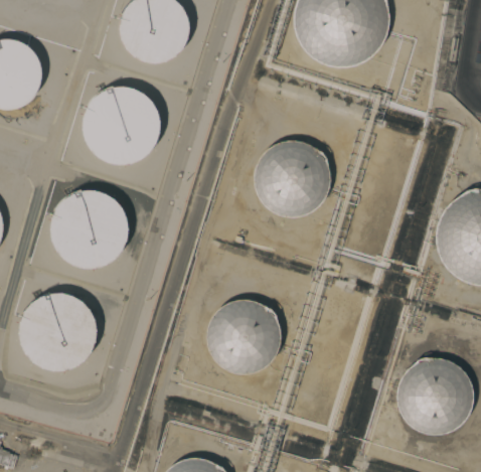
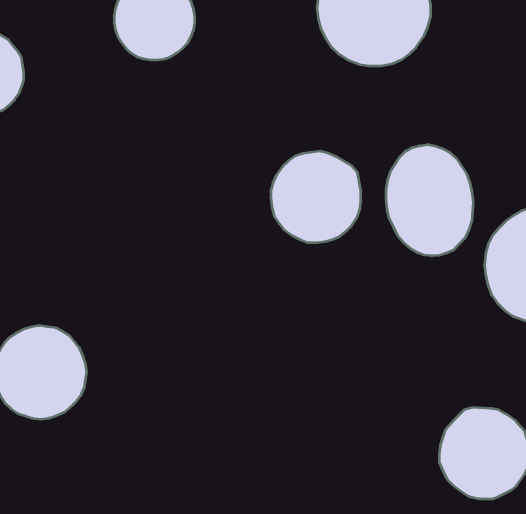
building: [85,89,162,167] -> none
building: none -> [386,144,473,256]
building: [49,187,127,265] -> none
building: [206,299,281,374] -> none

